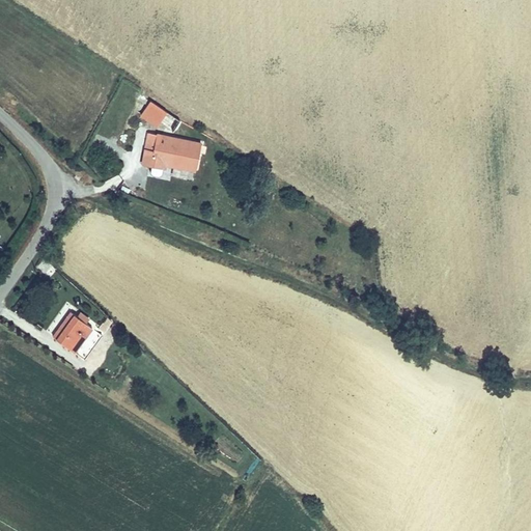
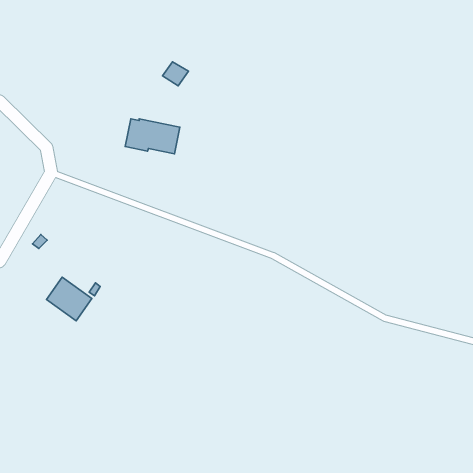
building: [138,102,167,129] -> [162,62,188,86]

